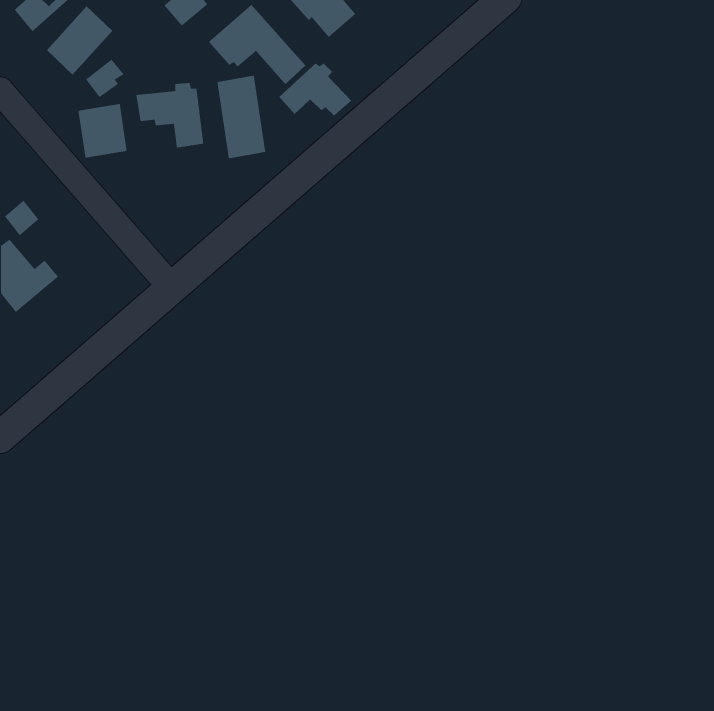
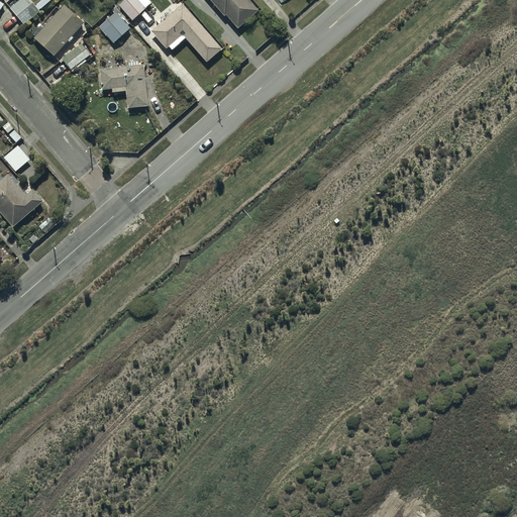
building: none -> [98,10,130,42]
building: [279,62,352,117] -> none
building: [217,75,266,159] -> none
building: [78,103,127,159] -> none

